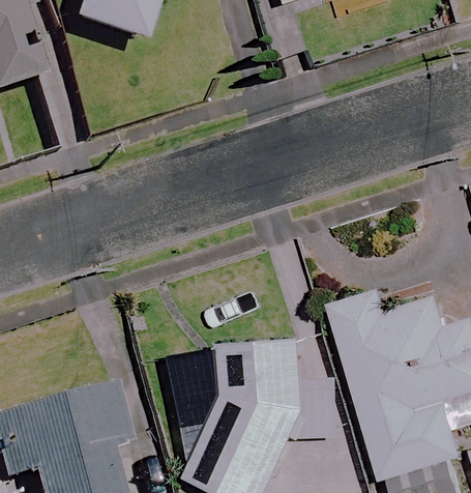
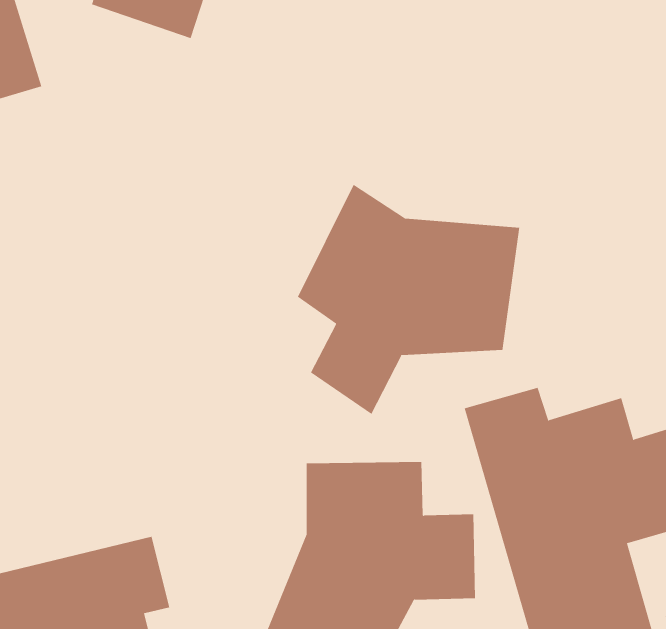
building: none -> [297,184,520,415]

